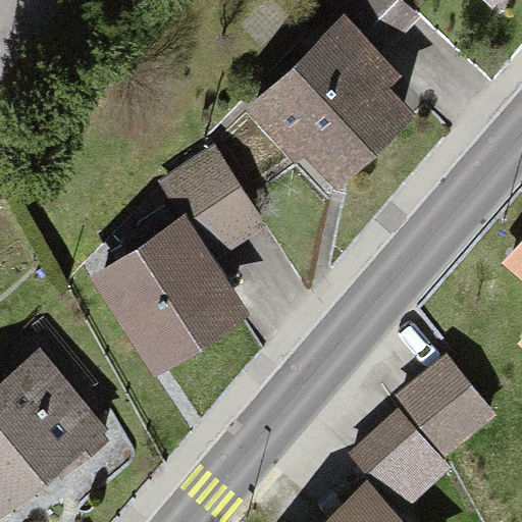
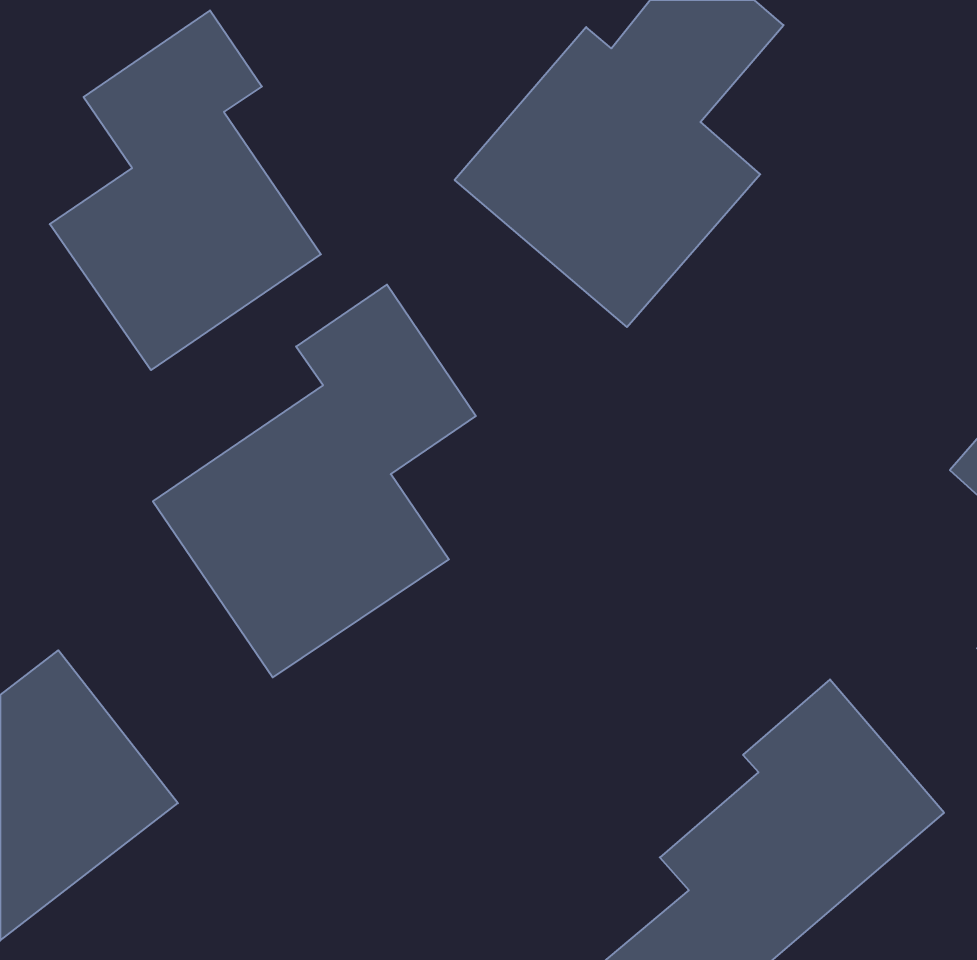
building: none -> [50,10,321,370]

